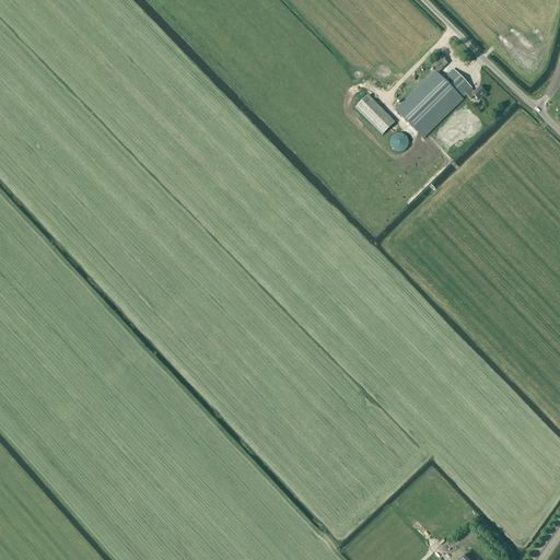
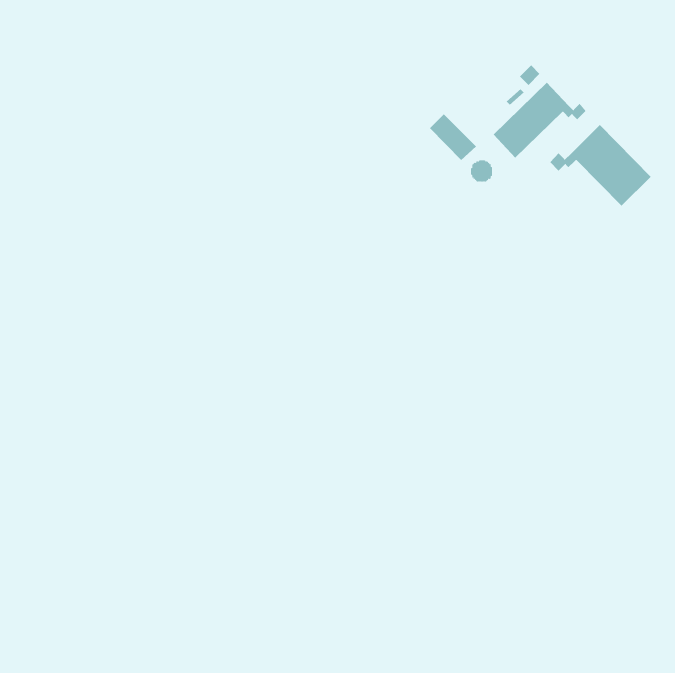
building: none -> [550,124,651,207]

